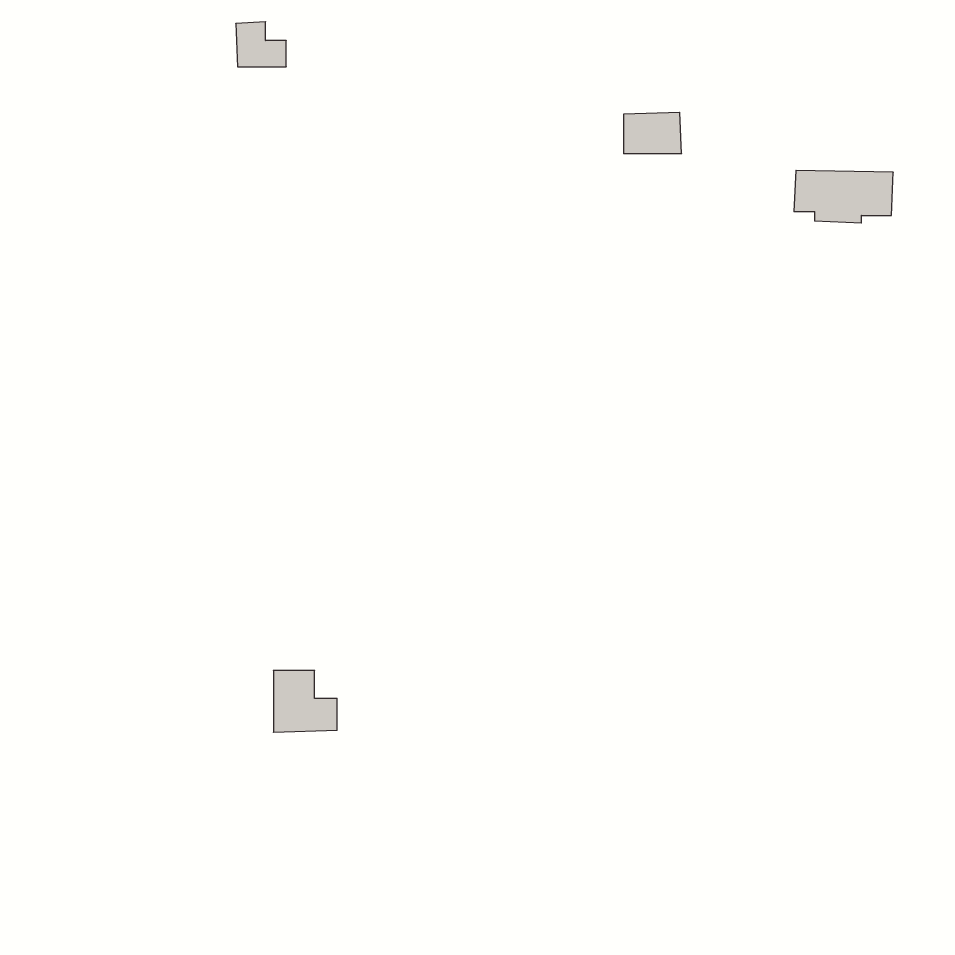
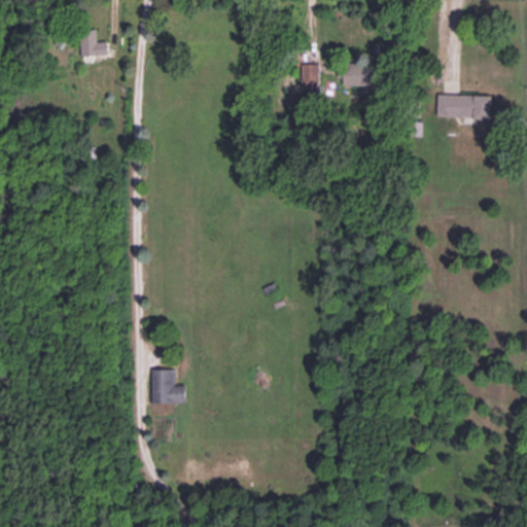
building: [236,22,286,67] -> [80,31,108,56]
building: none -> [301,64,320,91]

